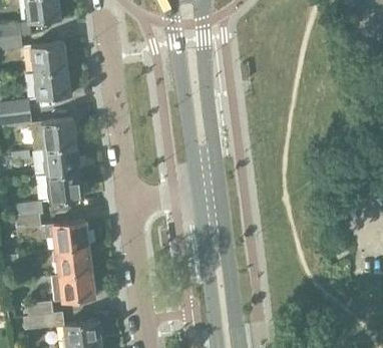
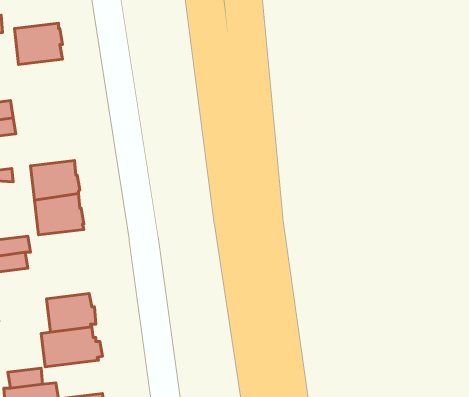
building: [34,70,71,100] -> none
building: [40,120,76,150] -> none
building: [44,222,89,251] -> none

